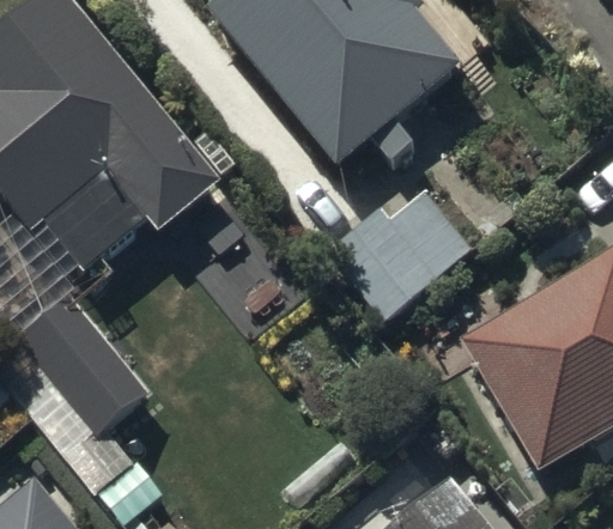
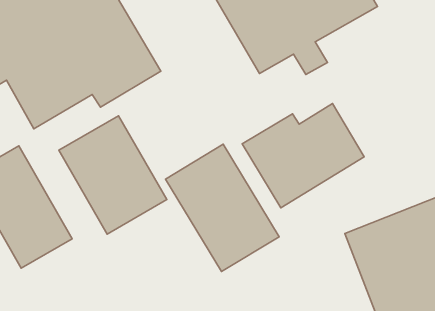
building: none -> [59,116,167,234]
building: none -> [166,144,279,272]

